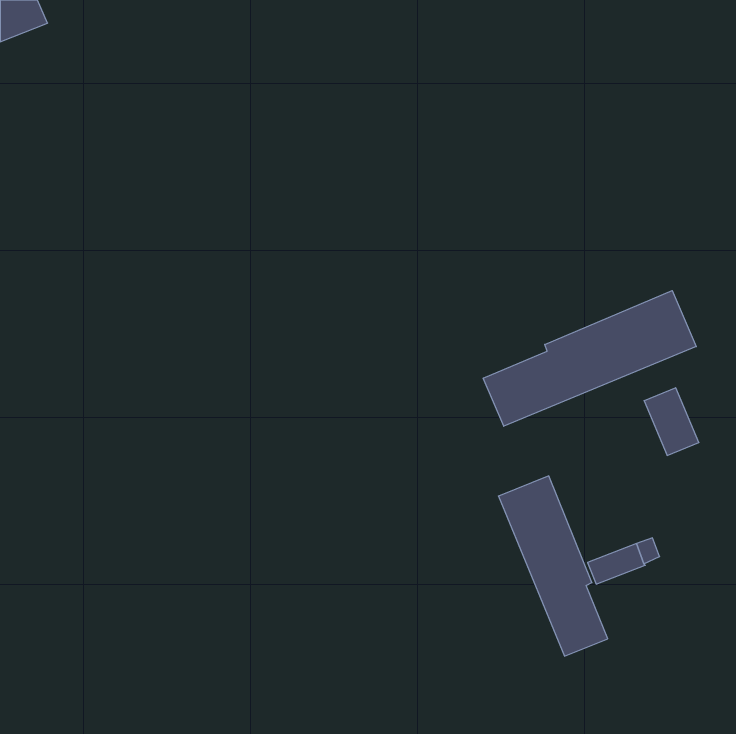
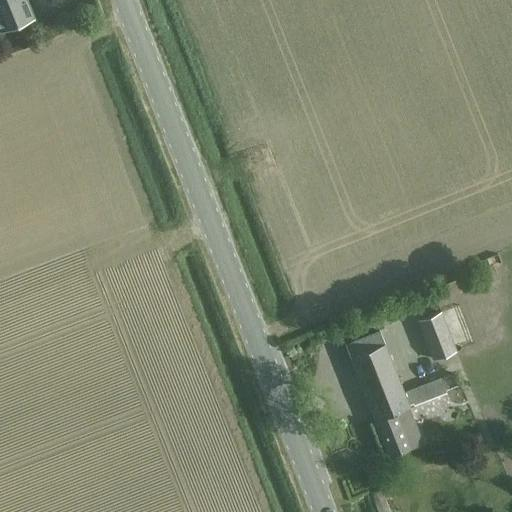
building: [483,291,696,426] -> none
building: [644,388,699,455] -> [418,314,456,361]

